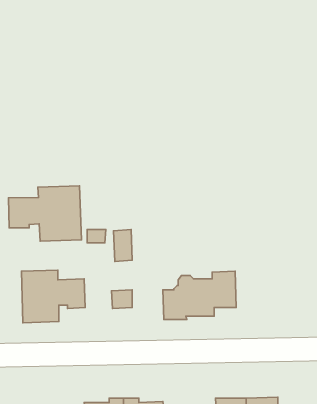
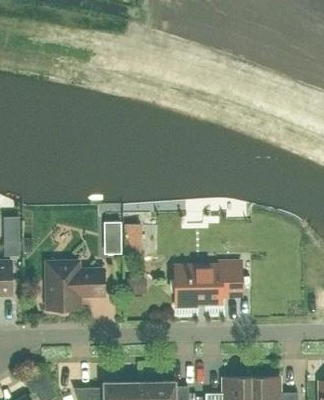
building: [9,186,82,241] -> none

